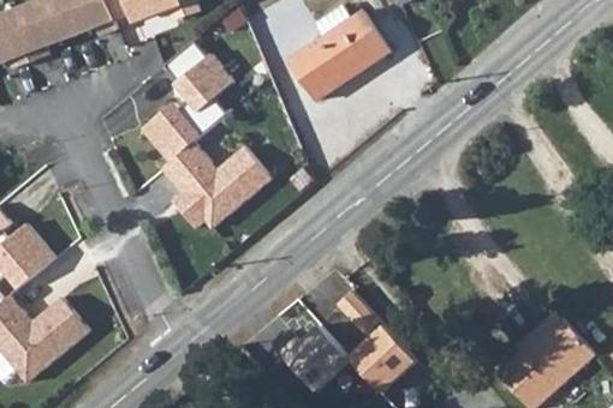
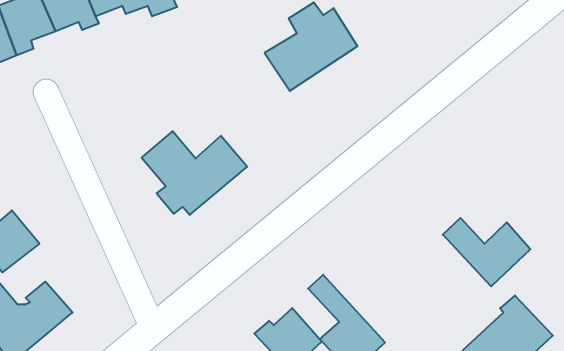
building: [142,40,234,162] -> none
building: none -> [443,218,530,286]

